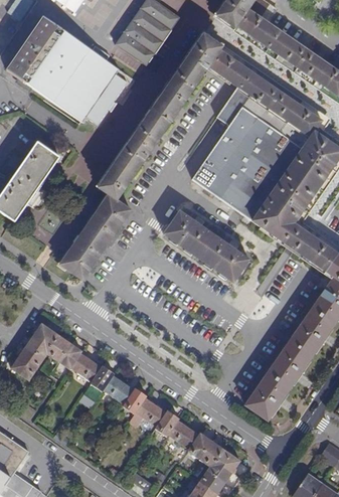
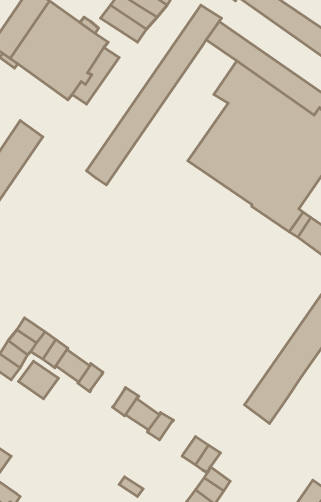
building: [59,194,132,280] -> none
building: [164,210,249,282] -> none
building: none -> [18,361,59,399]
building: [103,375,134,404] -> none
building: [167,420,198,449] -> none
building: [213,448,240,474] -> none

